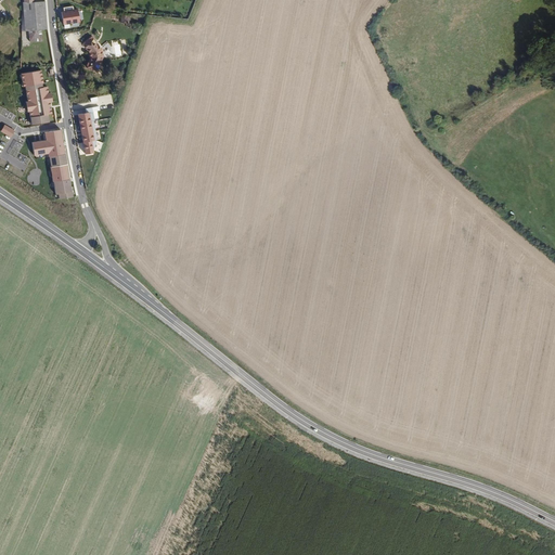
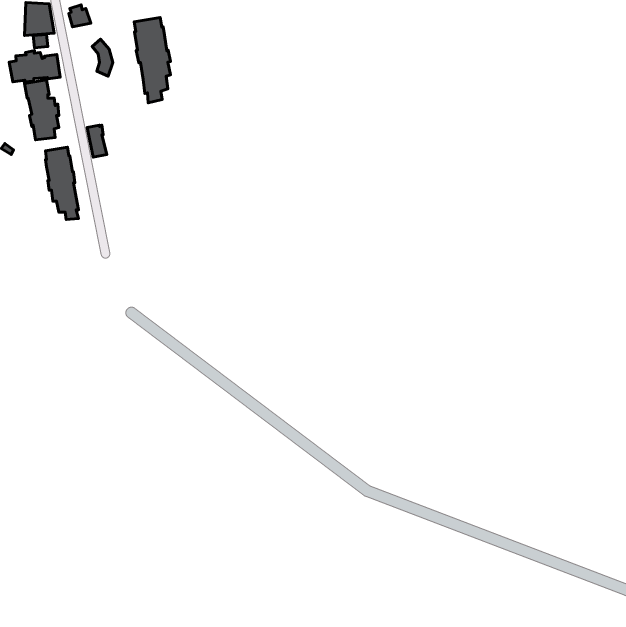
building: none -> [134,17,170,103]
building: none -> [9,51,60,82]

